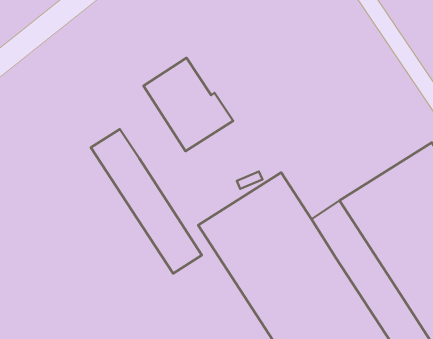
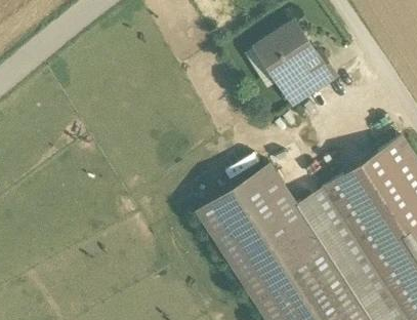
building: [143,58,233,151] -> [255,23,334,105]
building: [91,129,202,273] -> none

